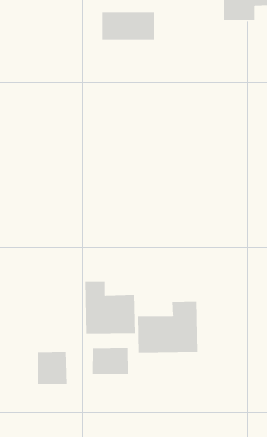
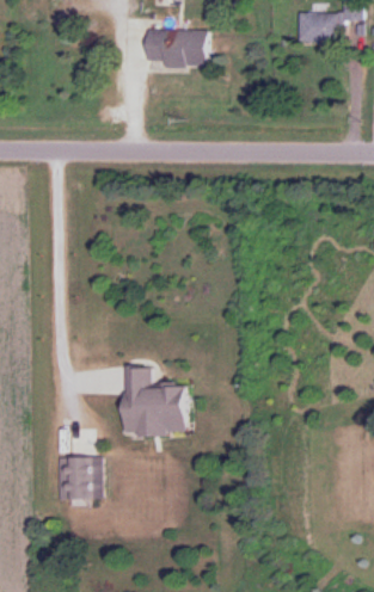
building: [138,301,198,354] -> none
building: [92,347,129,375] -> none

